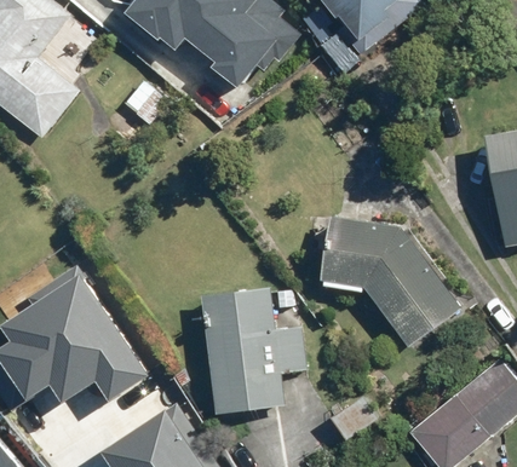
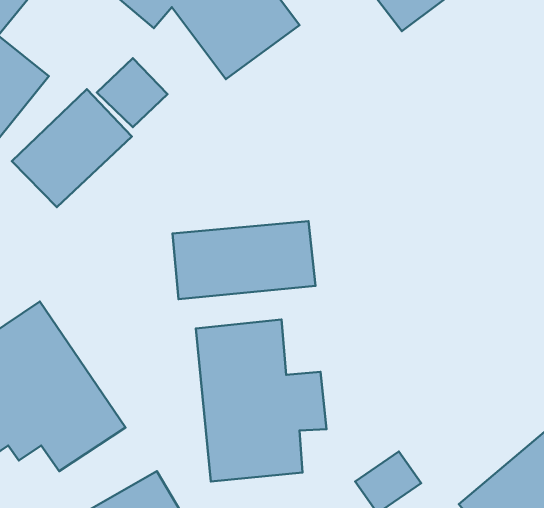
building: none -> [12,89,132,207]
building: none -> [172,221,316,299]
building: [322,215,460,345] -> none

